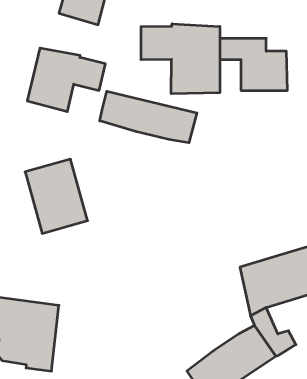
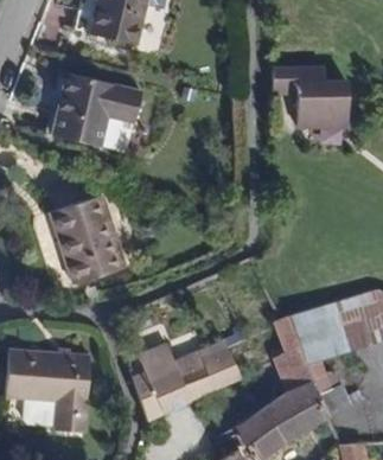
building: [141,24,220,94] -> none
building: [100,91,197,143] -> none
building: none -> [274,317,307,391]
building: none -> [132,337,245,423]

